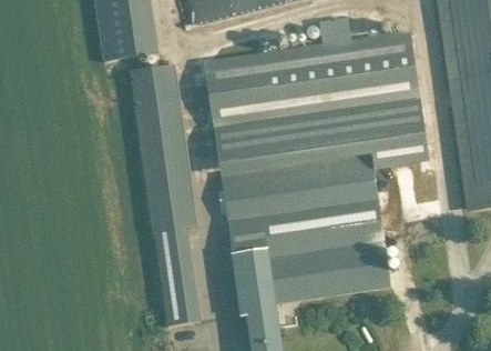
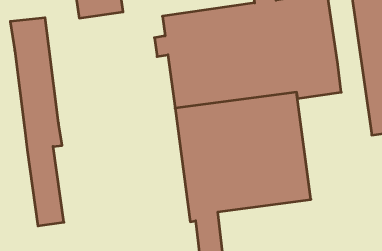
building: [131,63,197,322] -> [10,18,64,226]

